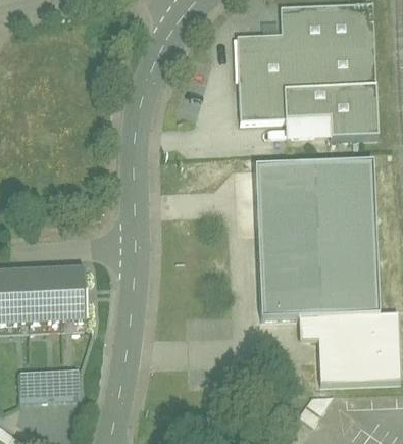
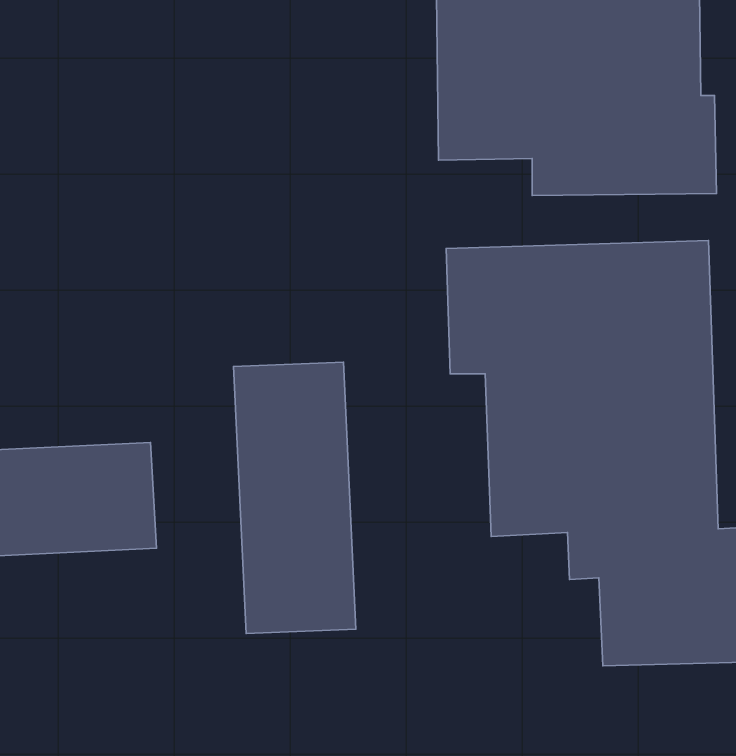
building: none -> [233,362,356,633]
building: [19,368,82,403] -> none

